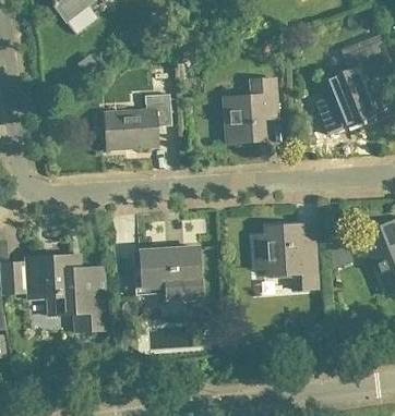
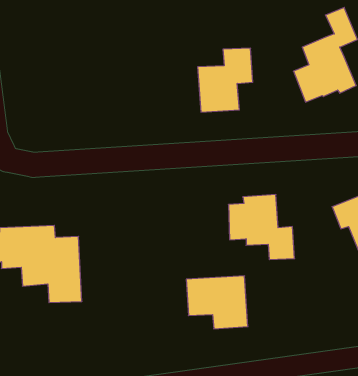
building: [106,95,170,150] -> none
building: [139,247,200,299] -> [186,276,248,329]

